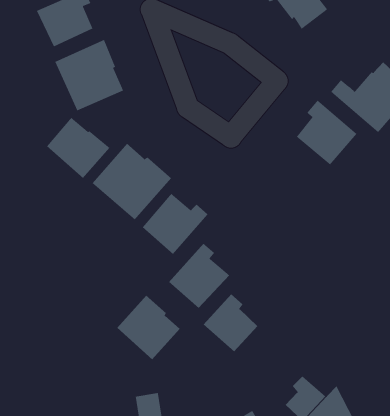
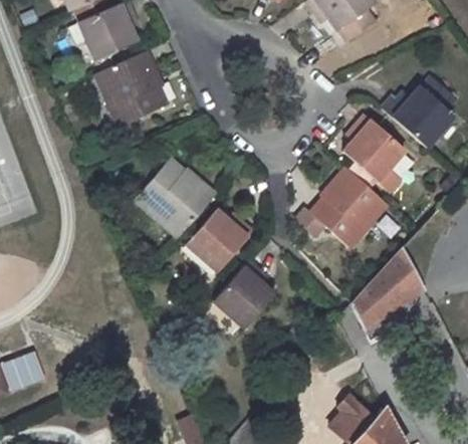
building: [46,117,111,179] -> none
building: none -> [297,168,389,247]
building: none -> [352,246,426,329]
building: [203,293,258,352] -> none
building: [117,295,180,360] -> none

